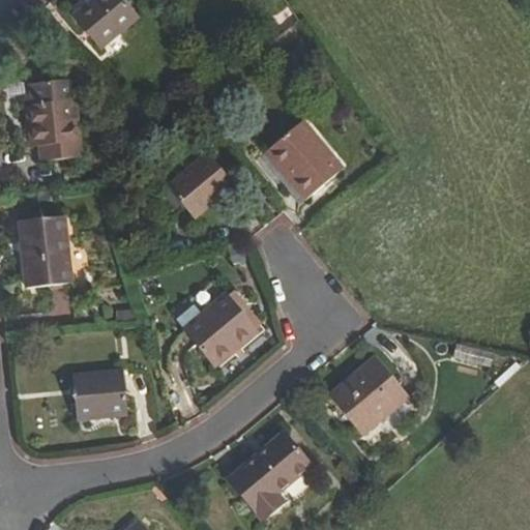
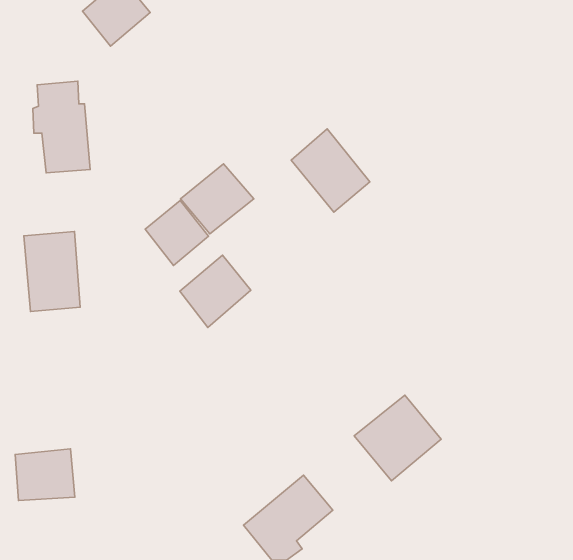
building: none -> [145,201,208,266]
building: [189,303,255,370] -> [180,255,251,327]
building: [71,369,126,416] -> [15,449,75,501]

